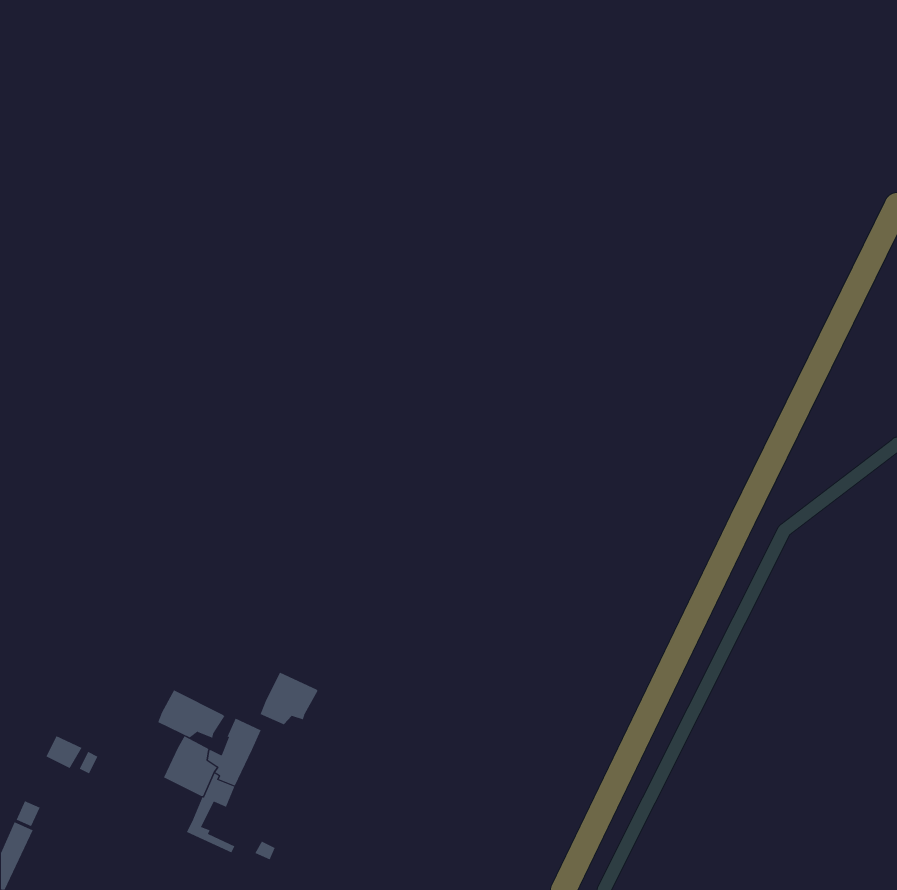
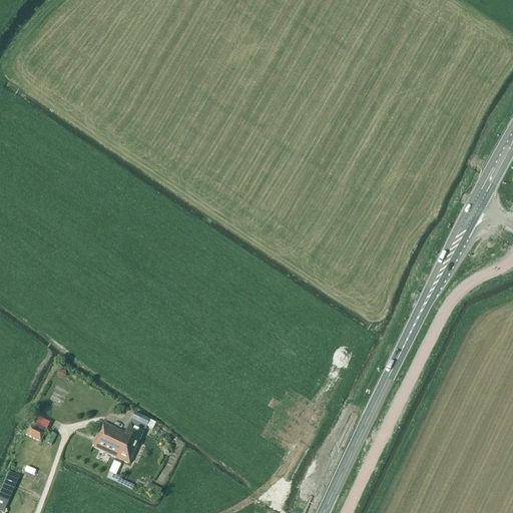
building: [260,672,318,726] -> none
building: [157,690,225,739] -> none

